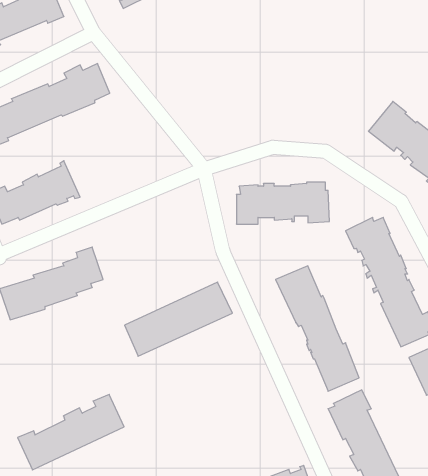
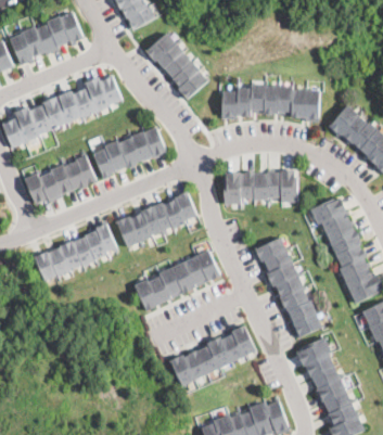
building: none -> [146,34,208,98]
building: none -> [222,85,321,121]
building: none -> [93,128,166,179]
building: none -> [115,192,197,247]
building: [18,394,124,470] -> [169,325,255,386]

